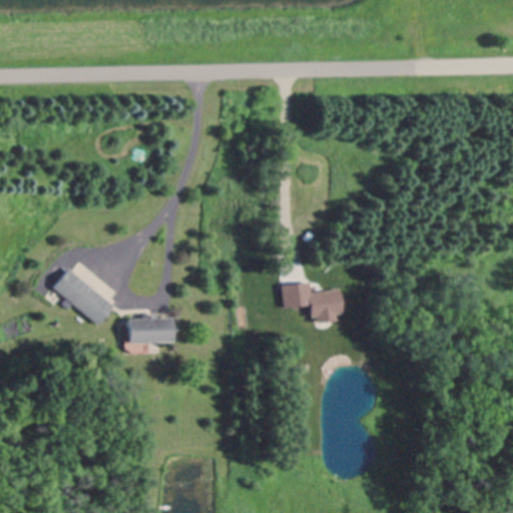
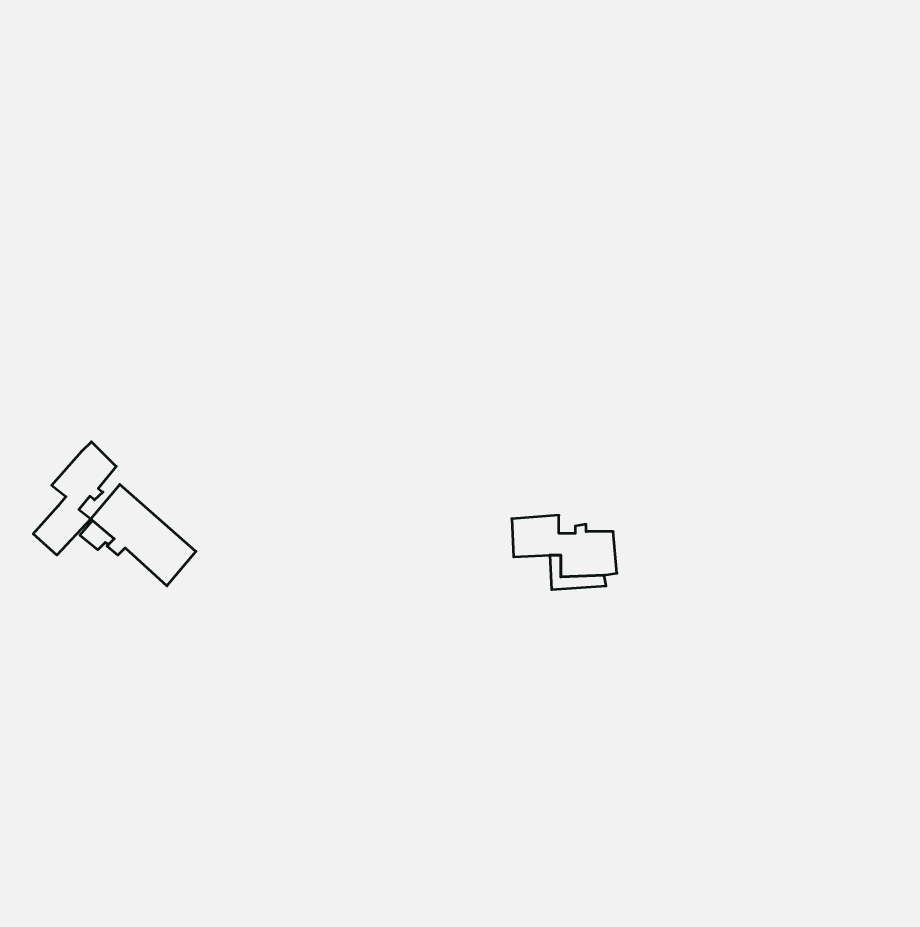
building: none -> [33,442,116,555]
building: [128,313,171,341] -> none

